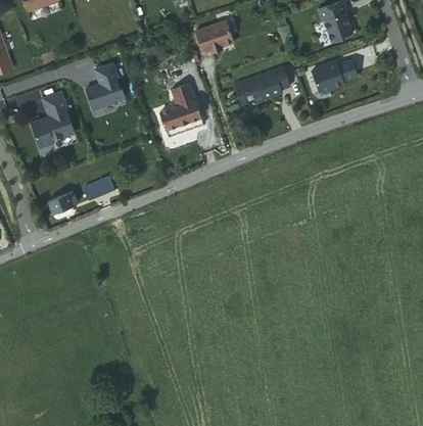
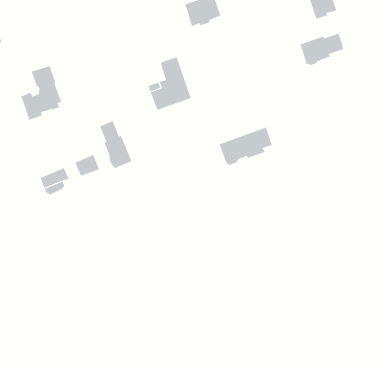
building: [86,61,125,108] -> none
building: [235,65,289,104] -> [219,127,273,166]
building: none -> [100,120,132,169]

